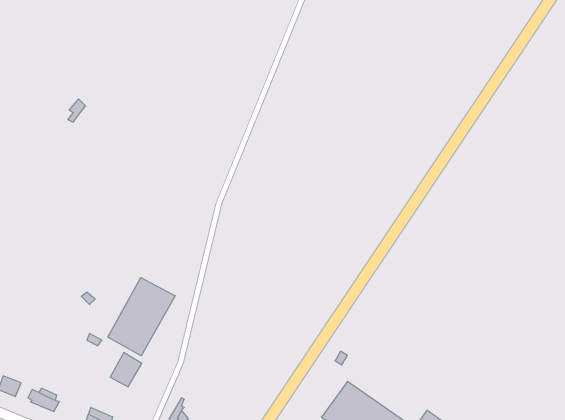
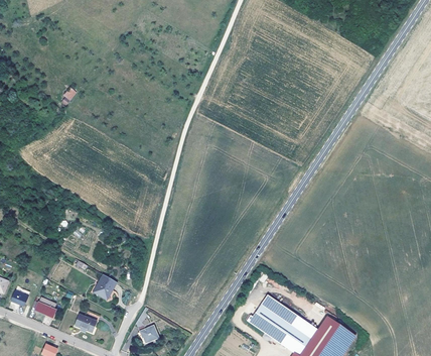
building: [108,278,175,356] -> none

